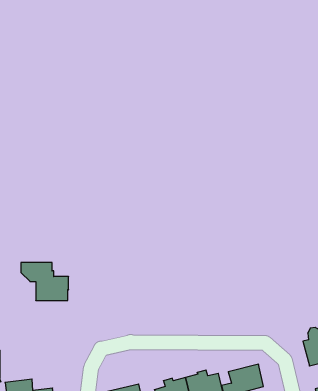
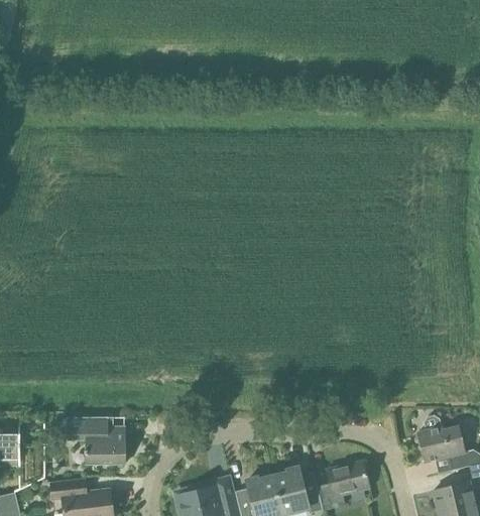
building: [21,263,69,300] -> [67,418,125,465]

